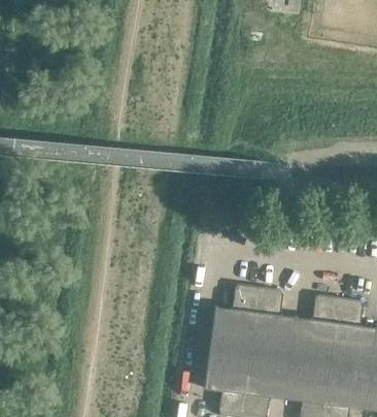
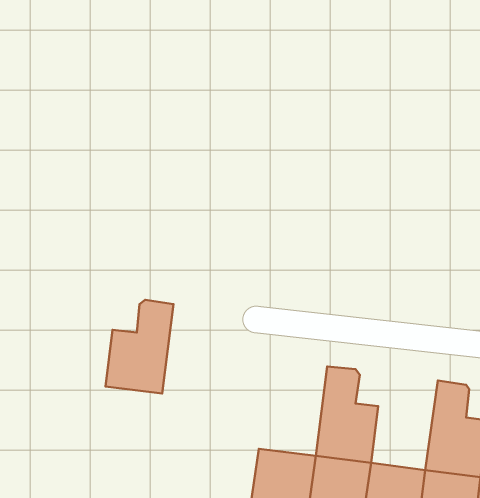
building: [210,284,260,352] -> [105,300,174,394]
building: [292,294,340,362] -> none

